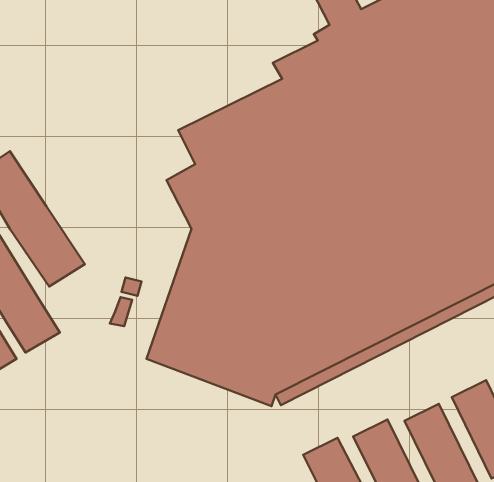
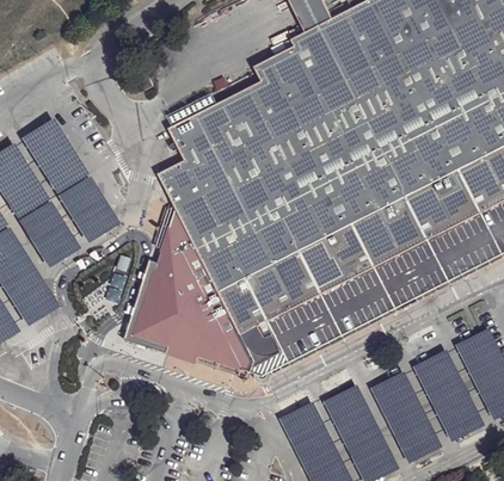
building: none -> [23,118,118,242]

